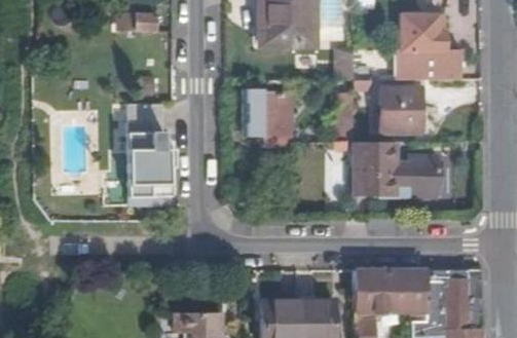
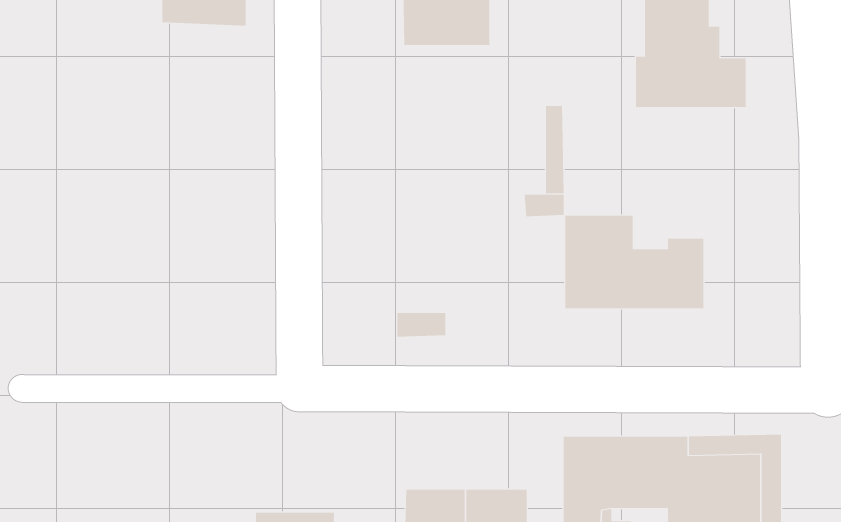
building: [380,86,420,132] -> none
building: [243,90,291,142] -> none
building: [128,104,173,204] -> none

